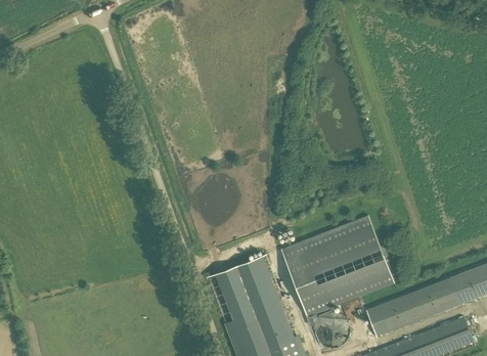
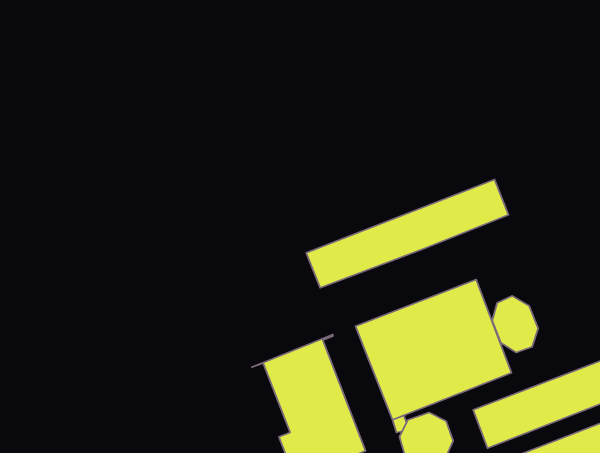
building: none -> [306,180,509,288]
building: none -> [492,296,538,353]

